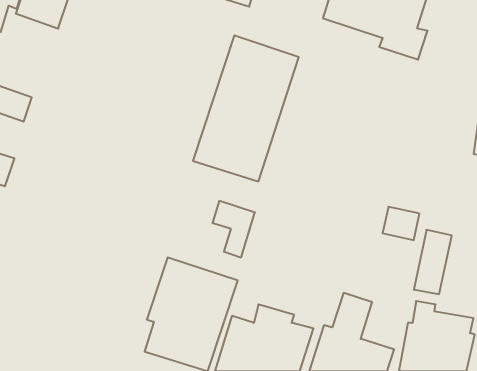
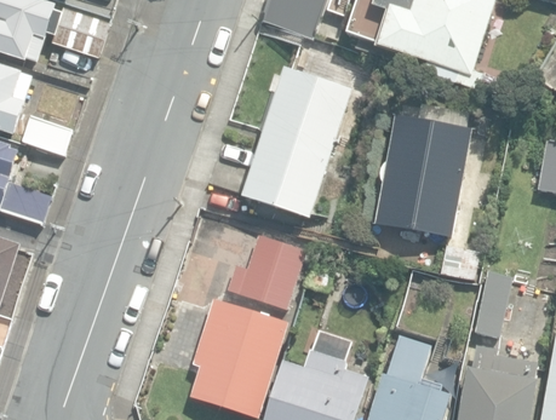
building: none -> [373,97,472,240]

